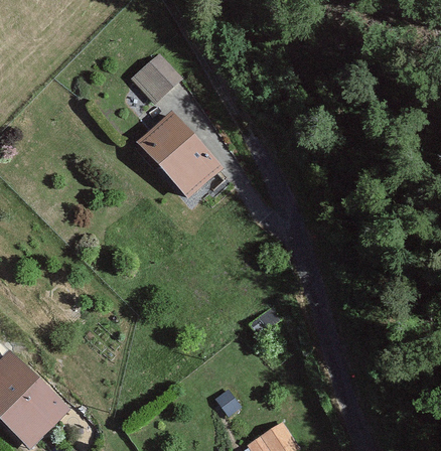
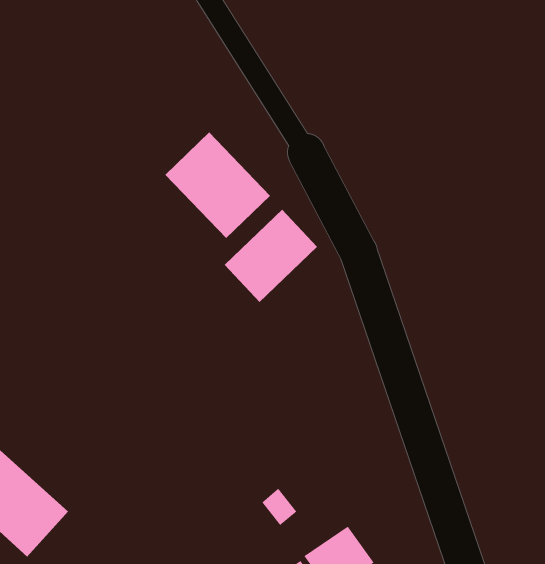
building: [134,53,182,101] -> none
building: none -> [224,209,318,303]

